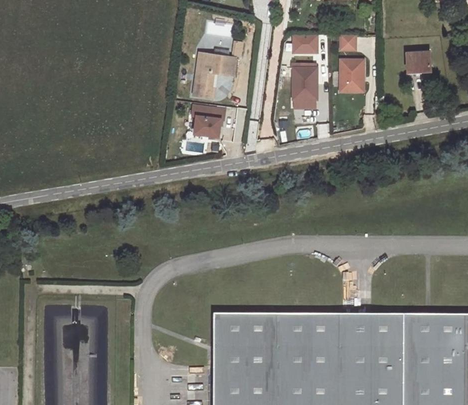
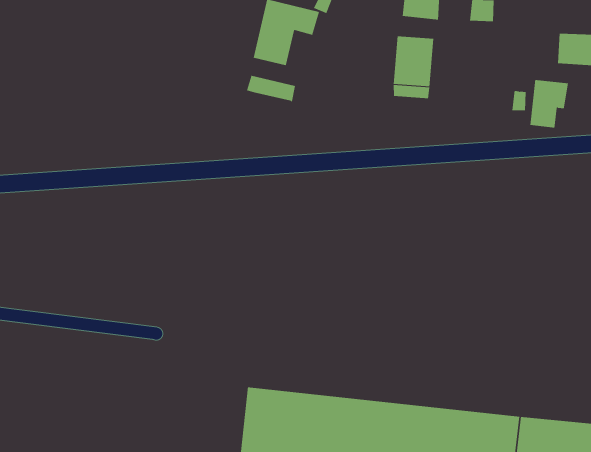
building: [341,59,365,91] -> [529,80,569,128]
building: [194,116,222,137] -> none

